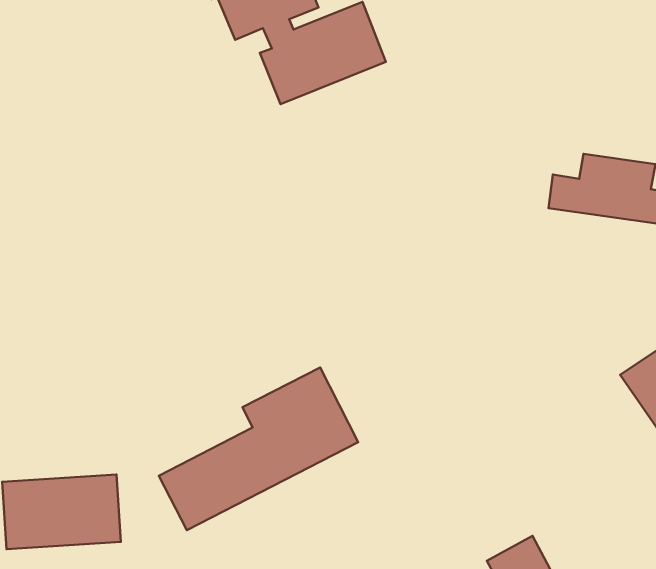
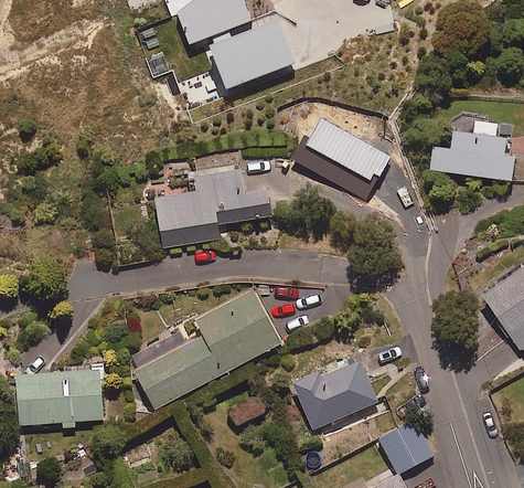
building: none -> [292,112,394,199]
building: none -> [153,169,272,248]
building: none -> [290,361,379,432]

